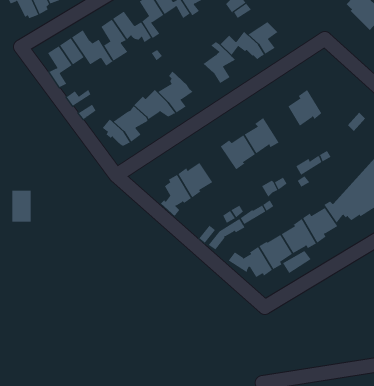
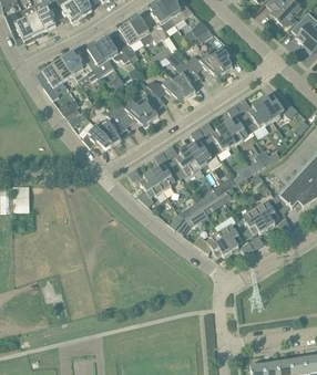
building: none -> [146,75,186,100]
building: none -> [259,94,297,119]
building: none -> [223,114,253,144]
building: none -> [170,147,200,177]

